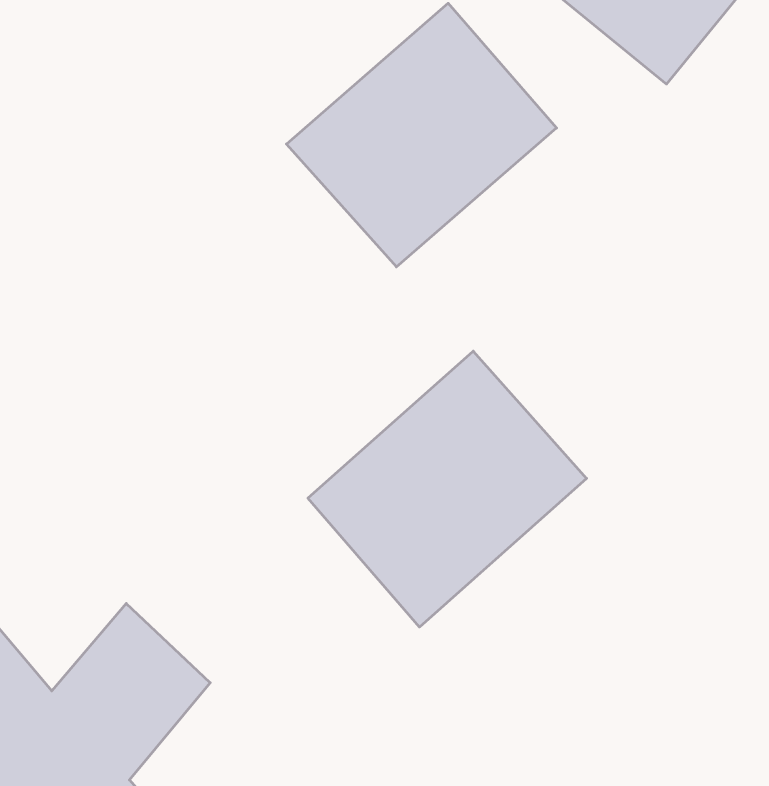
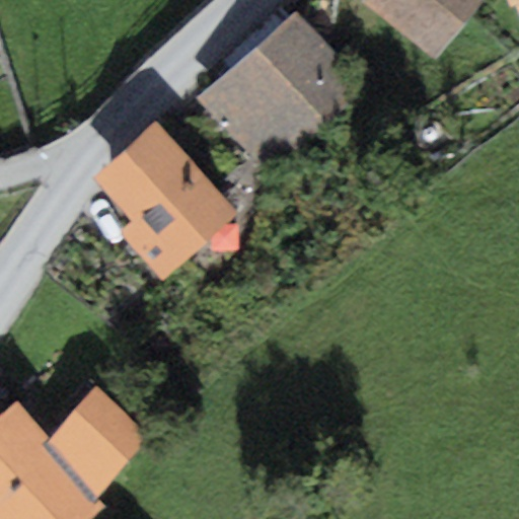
building: none -> [91,121,236,280]
building: [308,351,587,627] -> none

